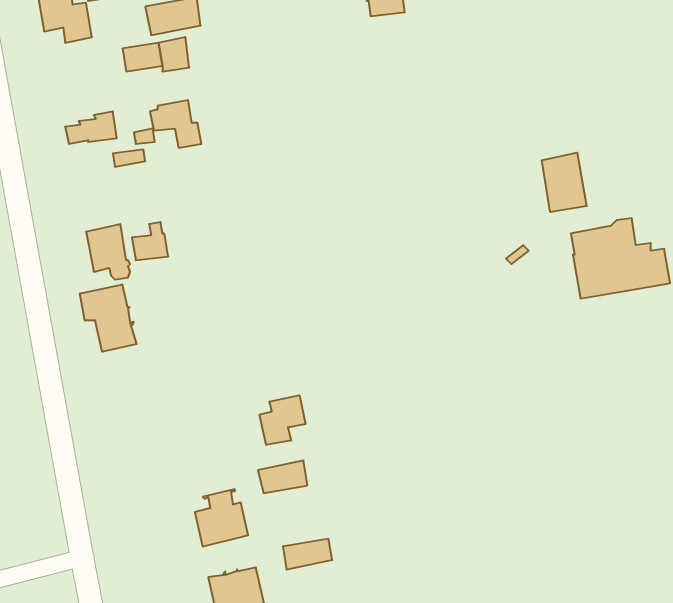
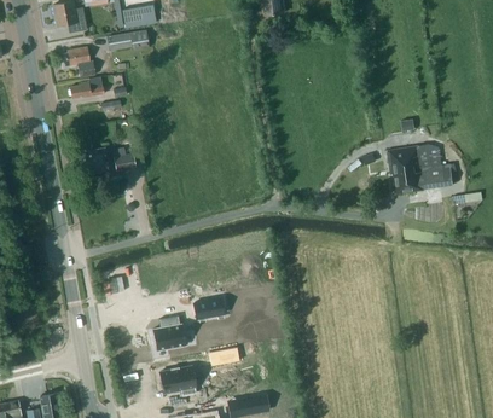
building: [150,100,201,148] -> [63,46,95,76]
building: [542,153,587,212] -> none
building: [80,284,137,352] -> none
building: [260,395,305,445] -> none

